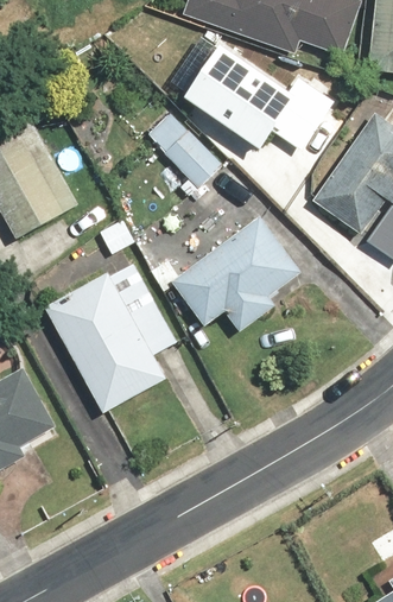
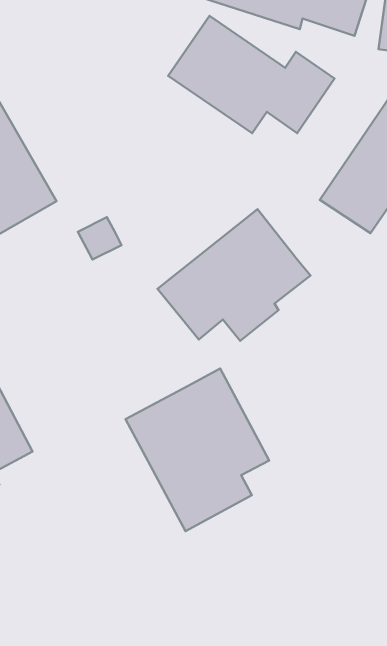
building: [142,112,222,190] -> none
building: [47,262,176,407] -> [126,369,269,531]

